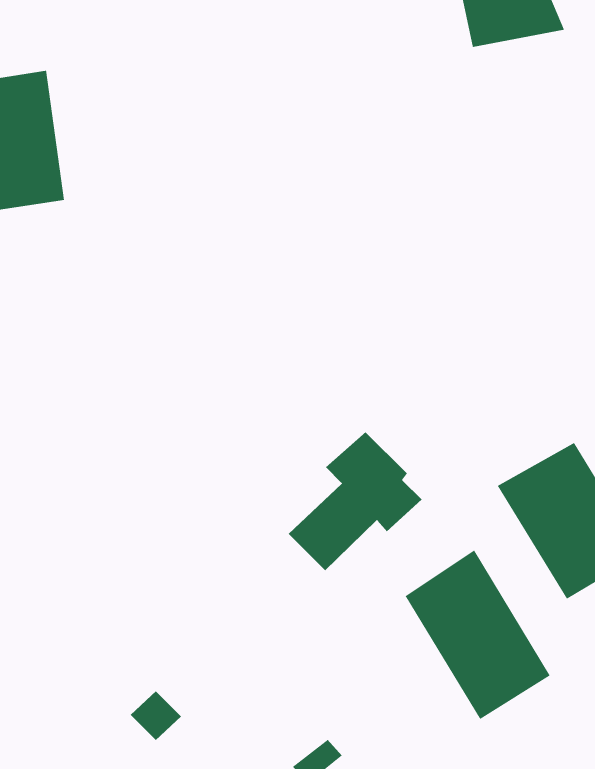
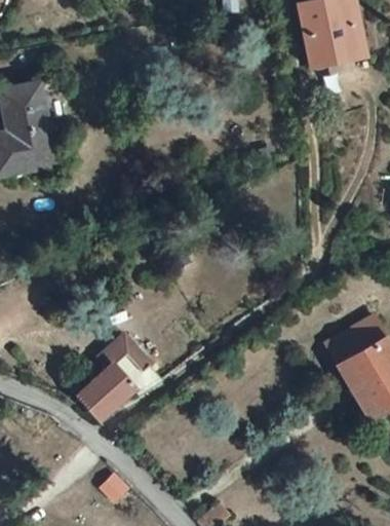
building: [288,431,422,571] -> [76,332,161,420]
building: [405,549,550,720] -> none

